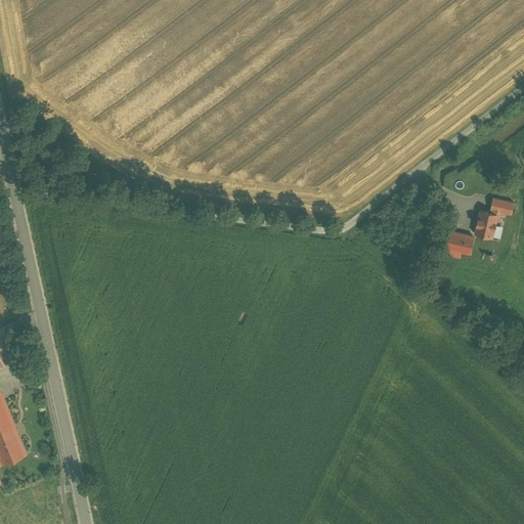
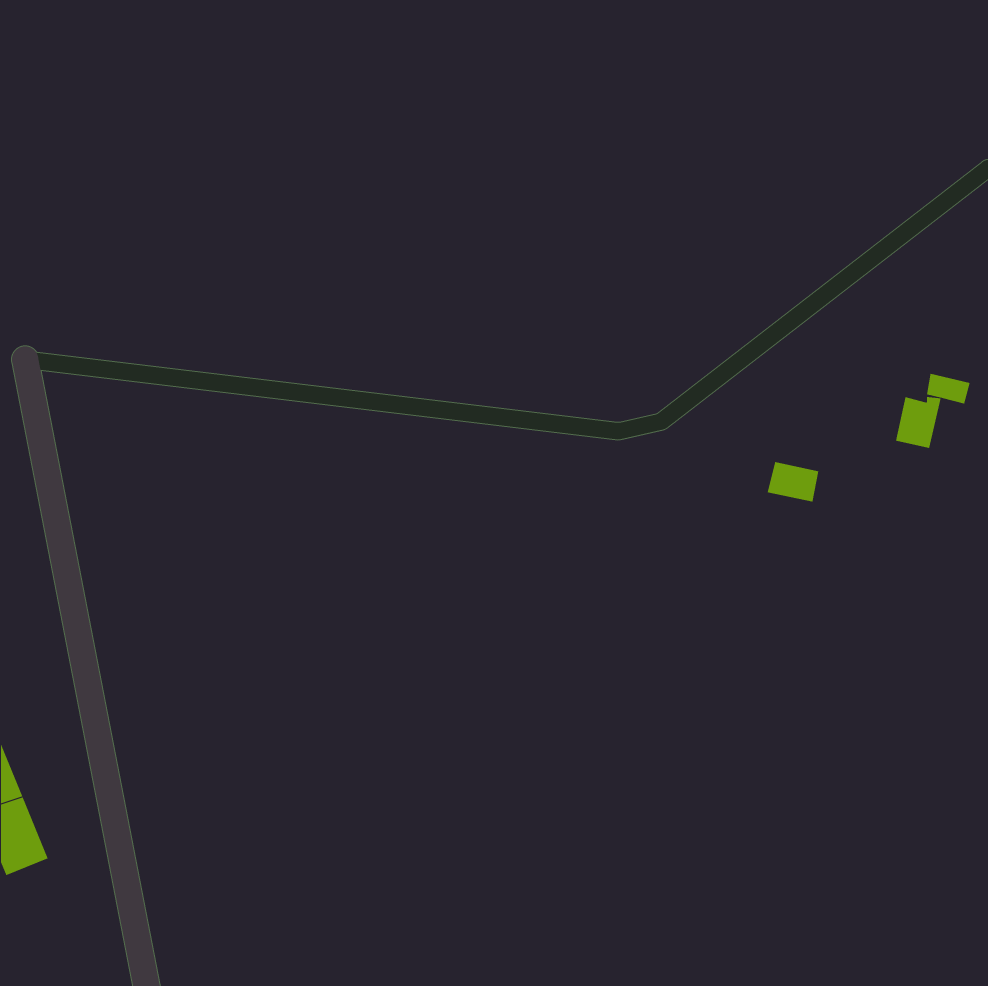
building: [445,232,473,254] -> [767,461,819,502]

